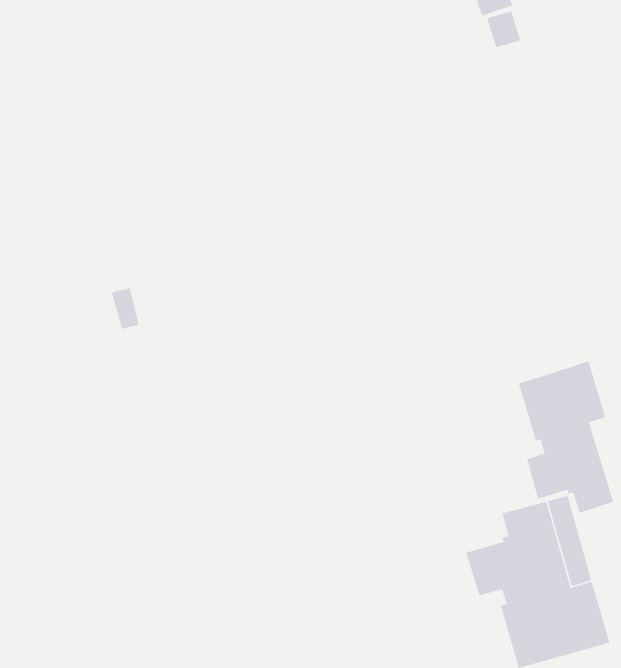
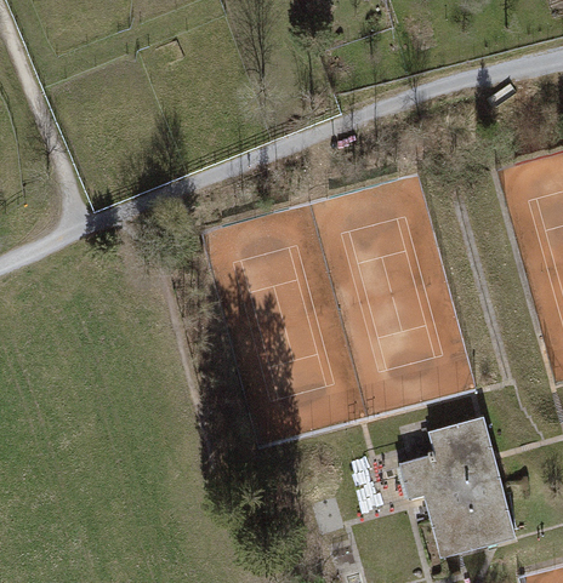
building: [518,360,614,514] -> none

